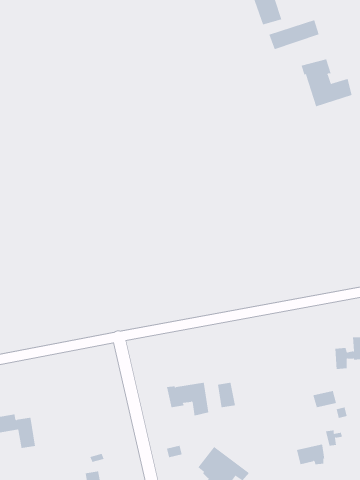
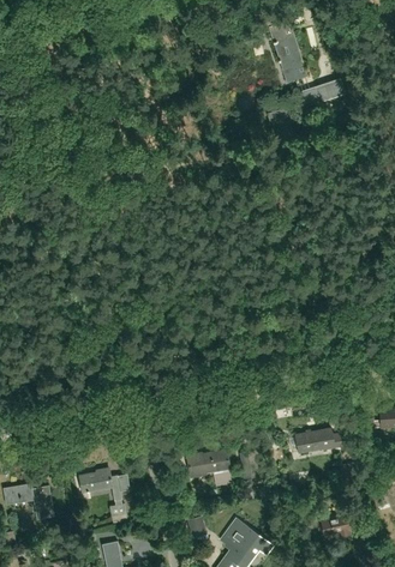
building: [301,59,352,107] -> none
building: none -> [297,430,342,453]
building: none -> [79,471,126,518]

